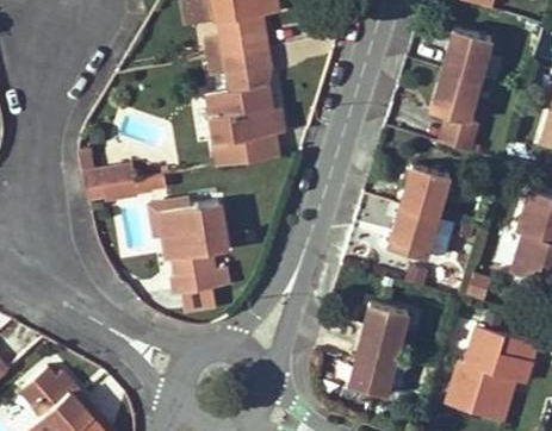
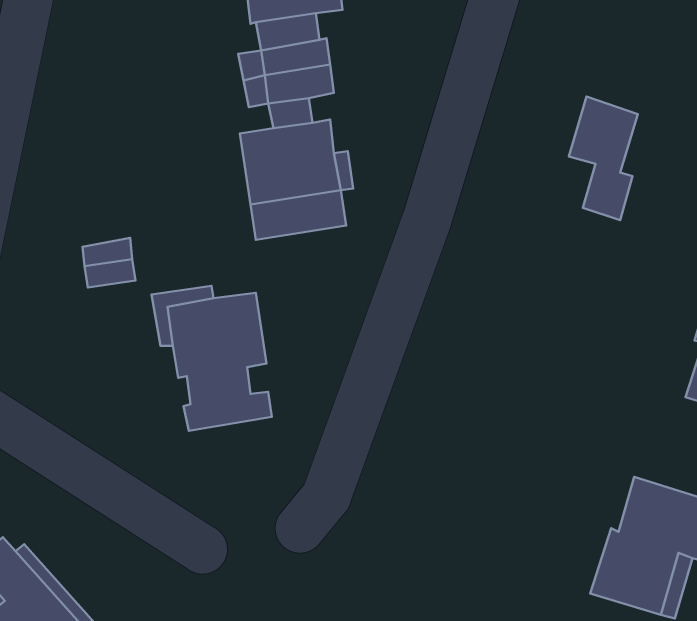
building: [444,30,490,82] -> none
building: [389,165,449,258] -> none
building: [348,302,408,395] -> none

